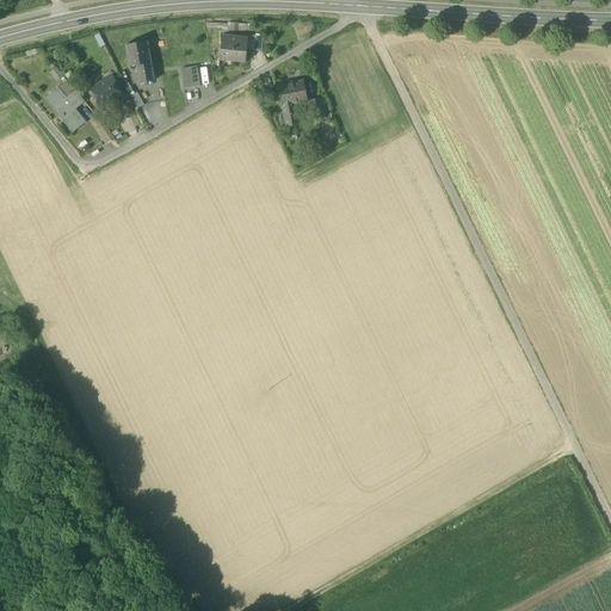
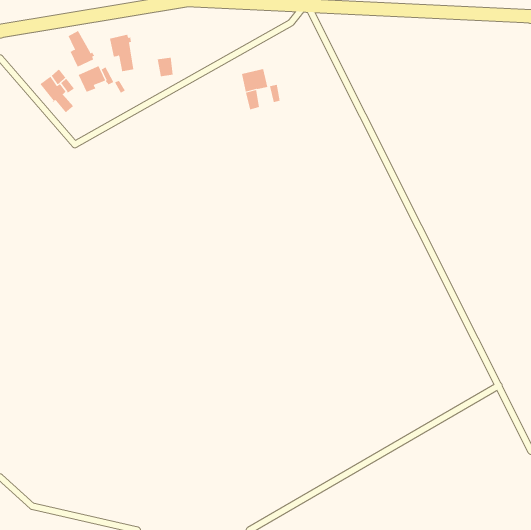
building: [220,35,248,60] -> none
building: none -> [68,30,95,68]

